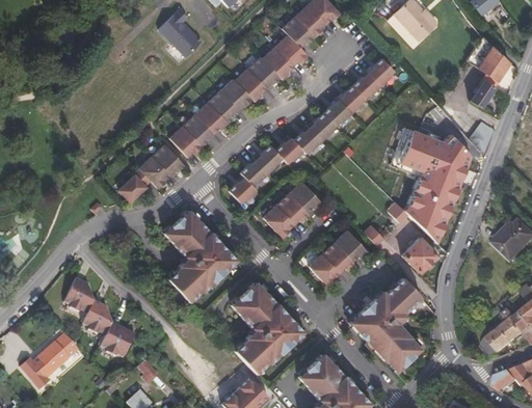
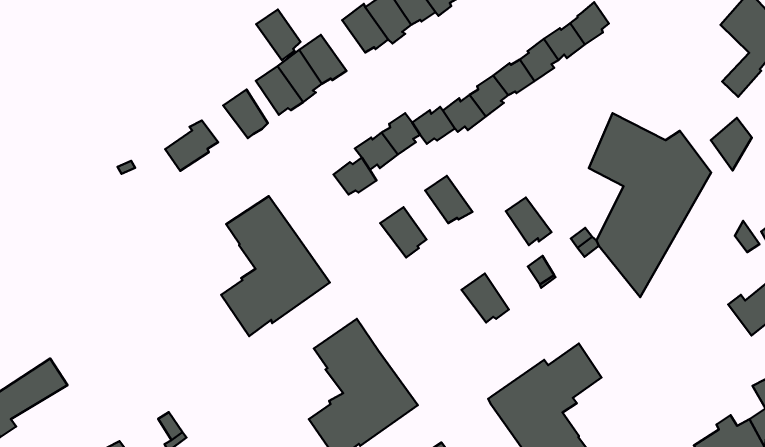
building: [209,91,239,124] -> [256,9,301,60]
building: [140,157,171,189] -> none
building: [277,193,309,224] -> none
building: [336,230,367,261] -> [506,198,552,245]
building: [400,236,435,271] -> none
building: [310,253,341,285] -> none
building: [66,277,142,354] -> none

